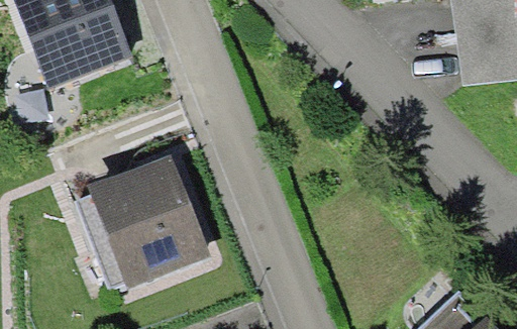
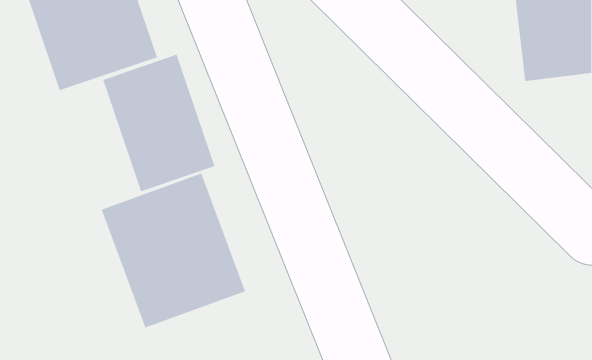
building: none -> [103,54,215,192]

